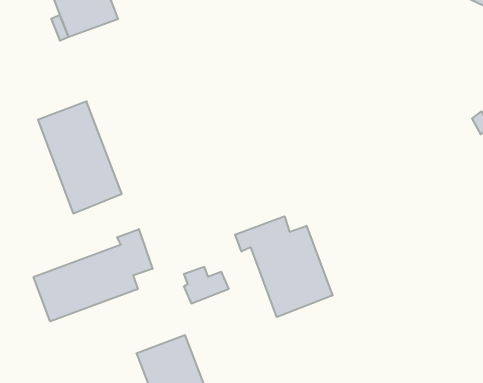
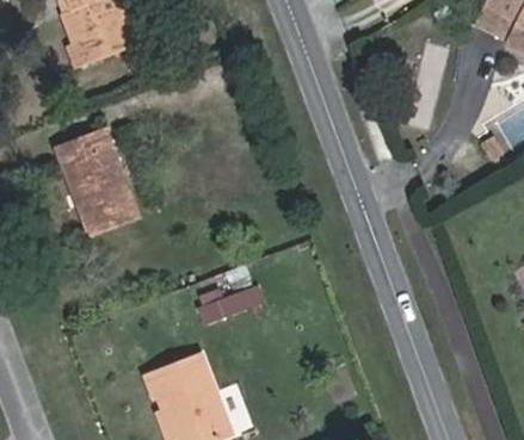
building: [235,216,333,317] -> none
building: [34,229,153,321] -> none

